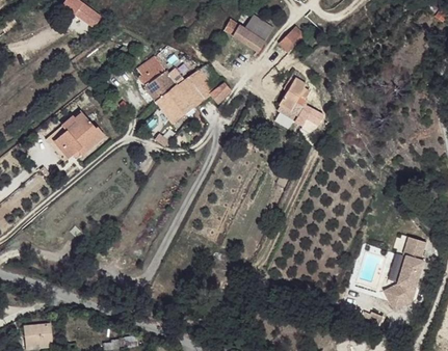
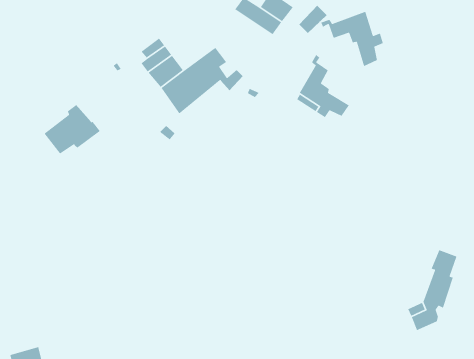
building: none -> [320,11,384,67]

